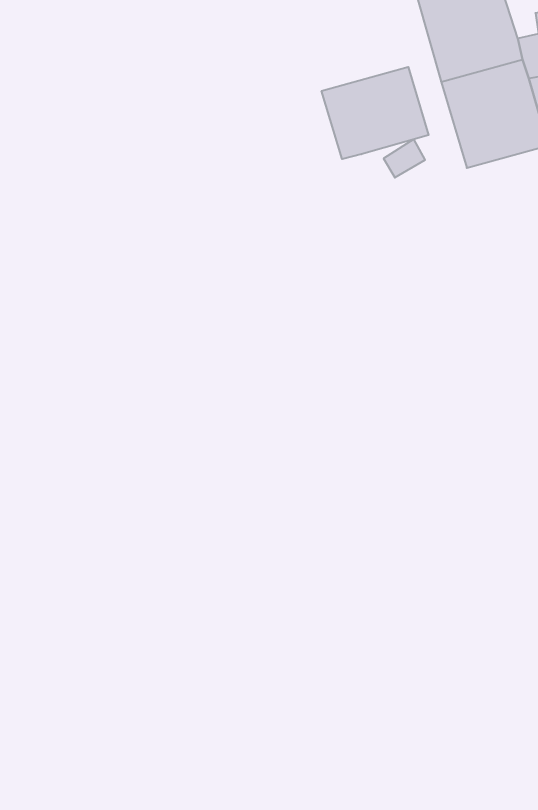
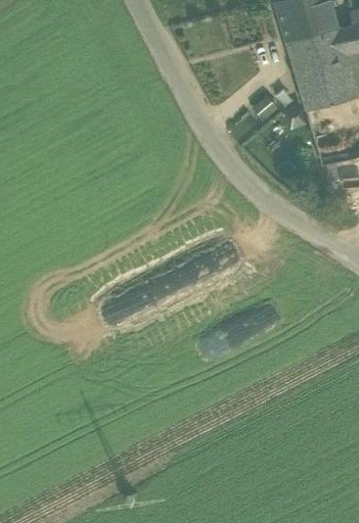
building: [322,67,429,159] -> none

